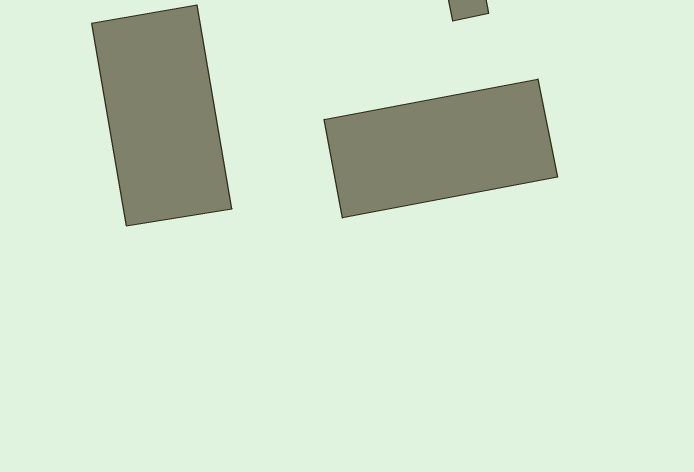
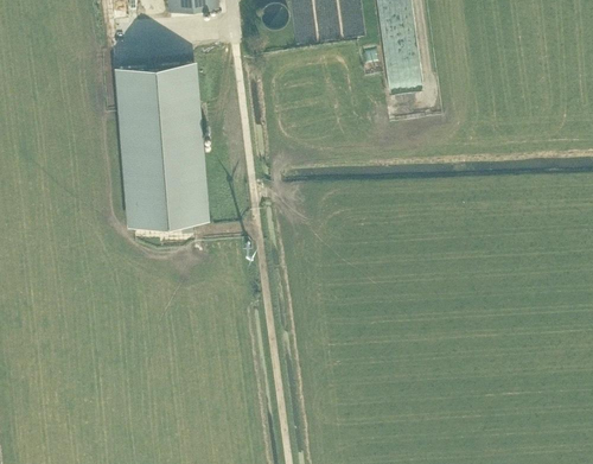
building: [324,79,558,218] -> none

